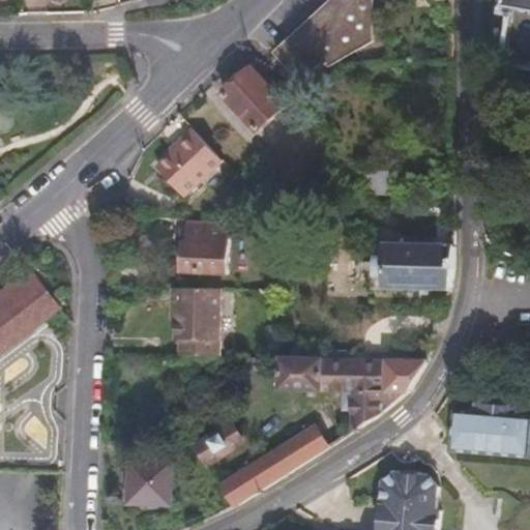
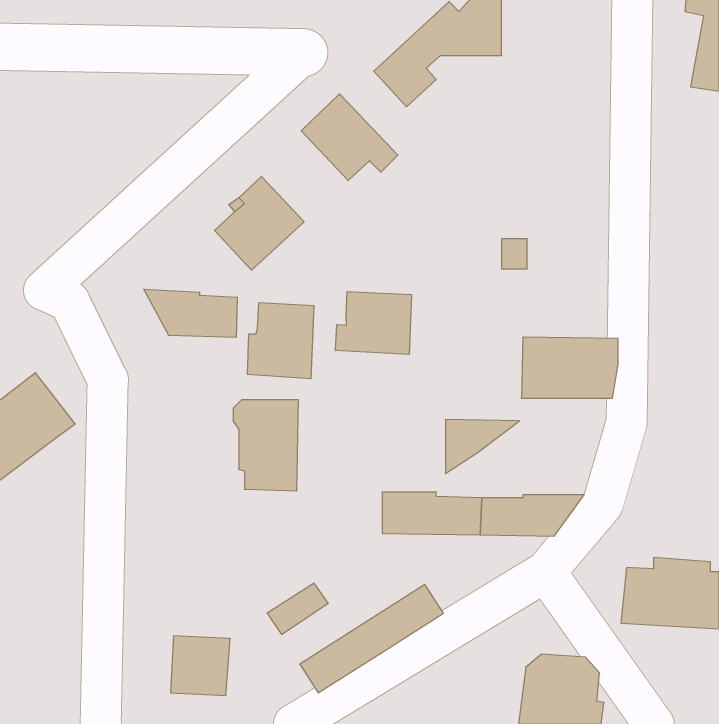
building: none -> [144,289,237,337]
building: none -> [336,292,411,354]
building: [350,389,404,429] -> [445,419,519,474]

